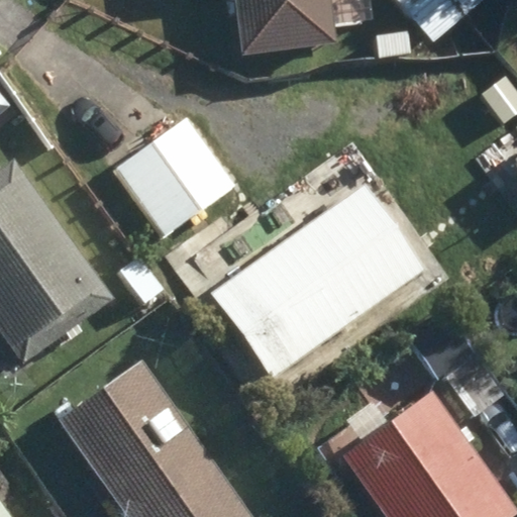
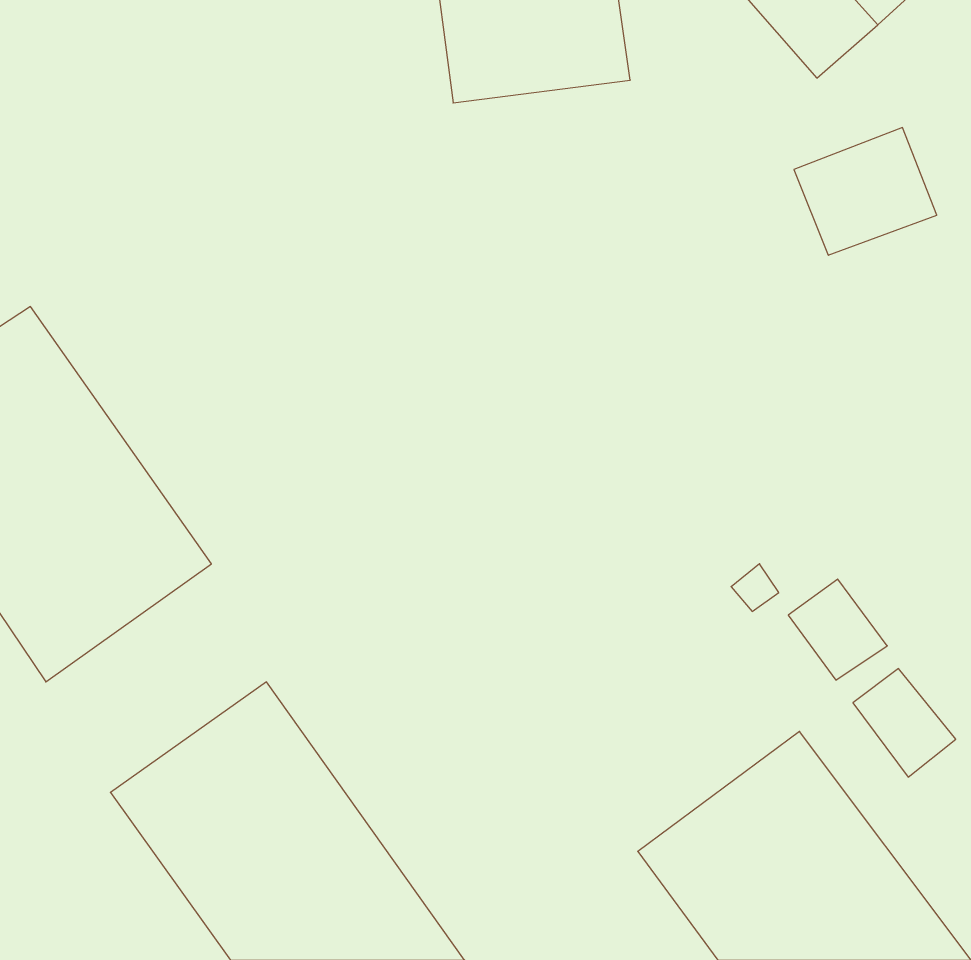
building: [117,117,235,235] -> none
building: [212,184,426,379] -> none

